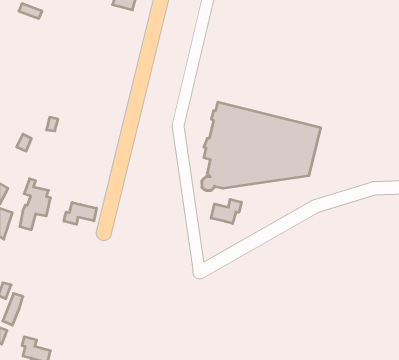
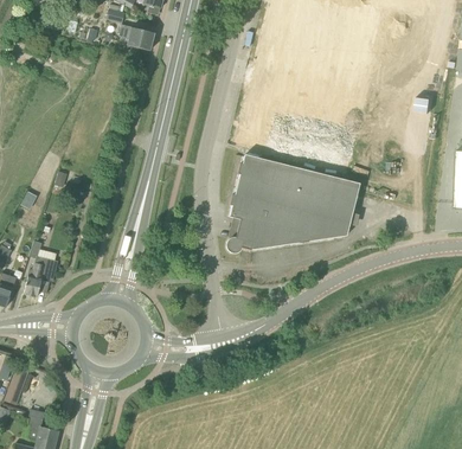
building: [211,199,241,224] -> none
building: [64,202,97,224] -> none

